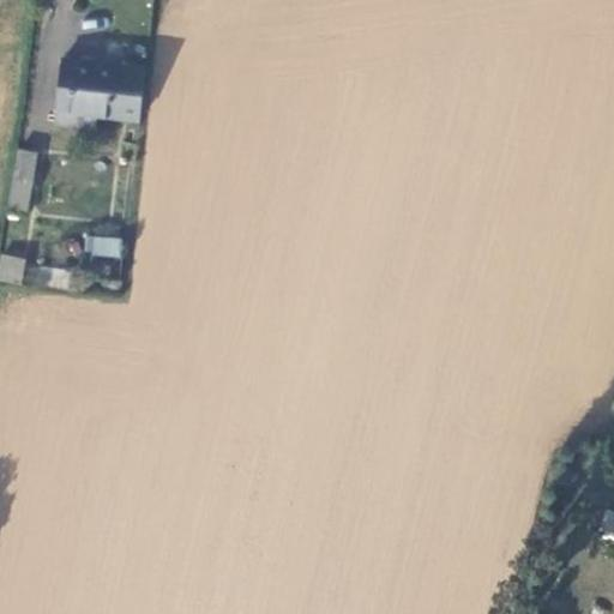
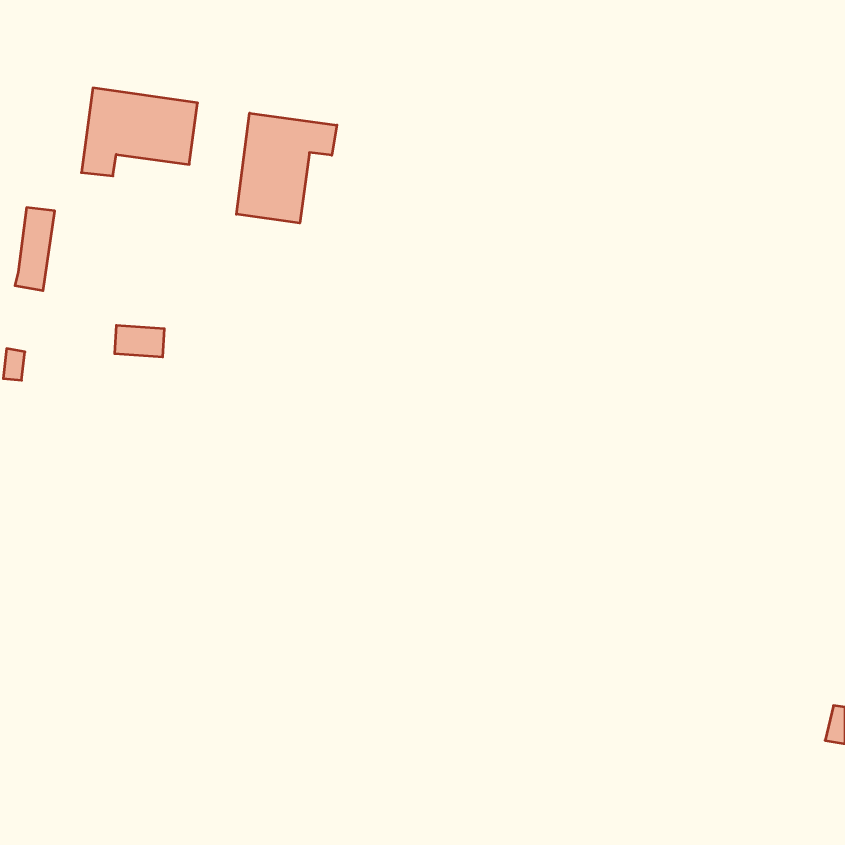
building: none -> [236,113,337,223]

